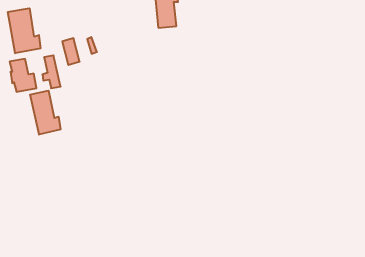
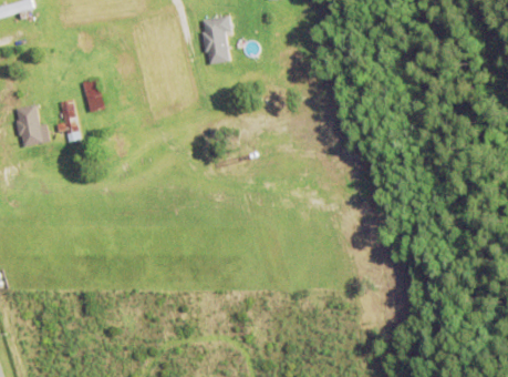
building: [8,8,40,53] -> none
building: [30,91,61,135] -> none

